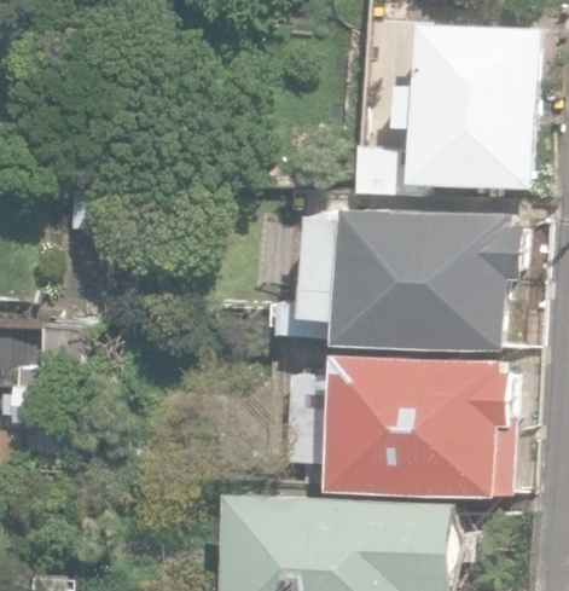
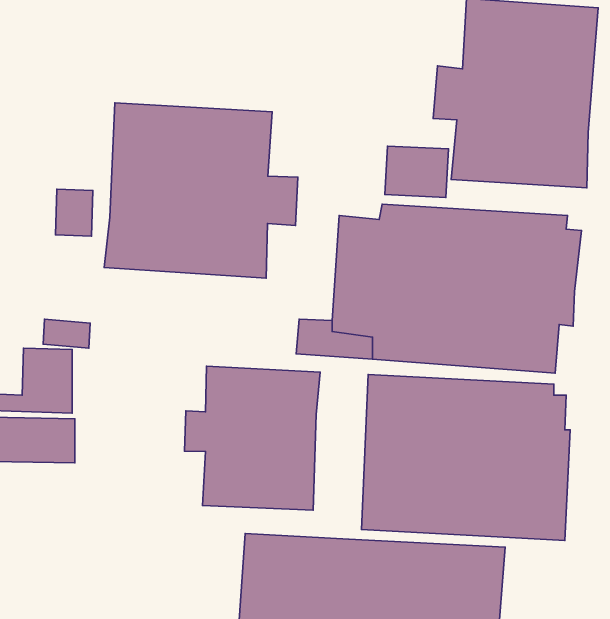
building: none -> [104,103,298,278]
building: none -> [185,366,320,510]

